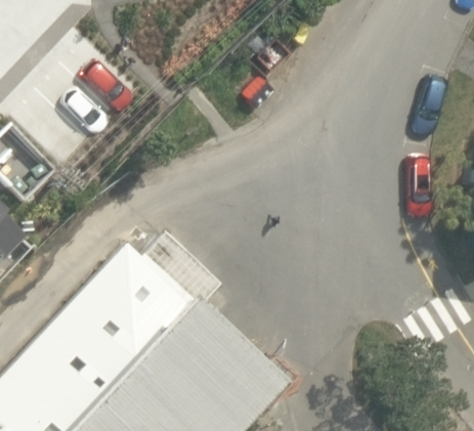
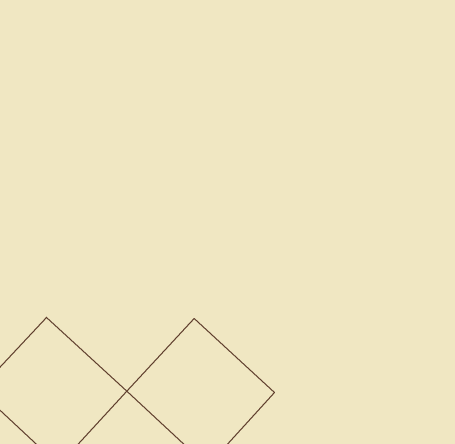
building: [69,242,204,376] -> none

